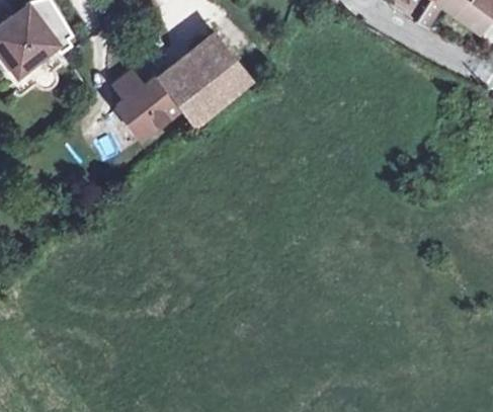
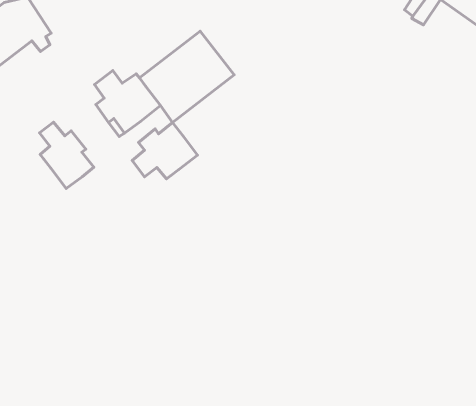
building: none -> [40,122,94,189]
building: none -> [132,123,197,179]

